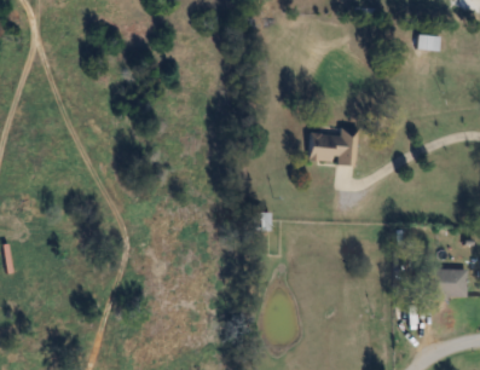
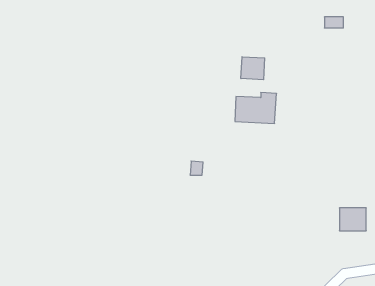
building: none -> [241,57,265,80]

